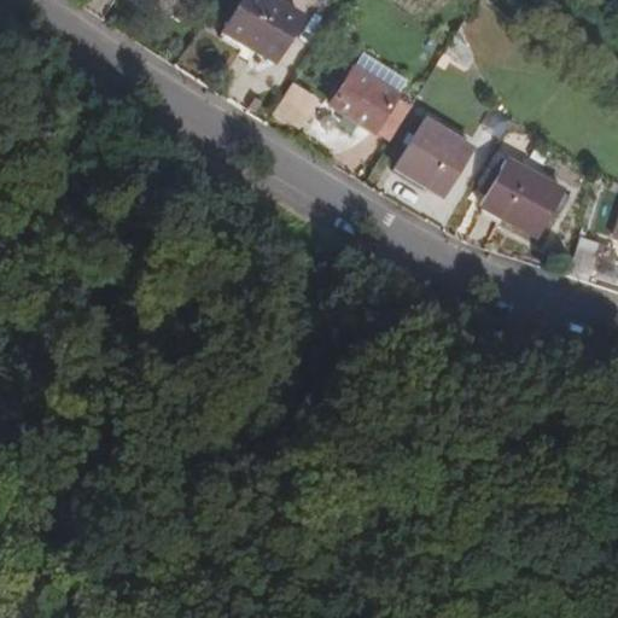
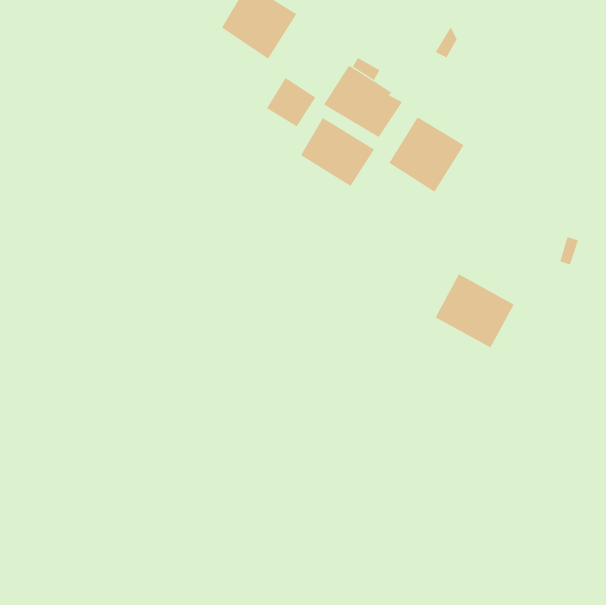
building: none -> [300,117,375,187]
building: [483,159,564,235] -> [435,273,514,348]

